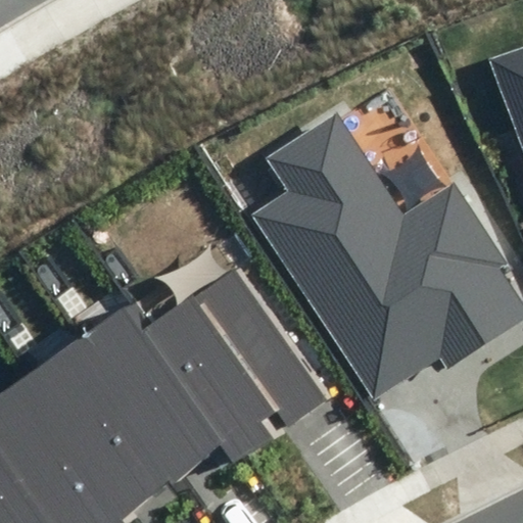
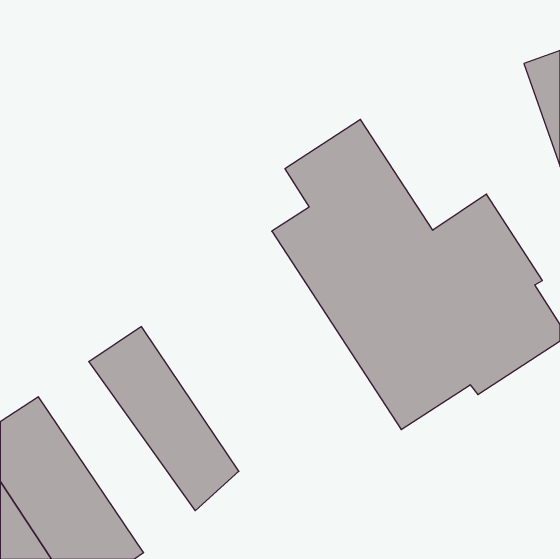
building: [147,268,323,463] -> none
building: [36,337,182,515] -> none

